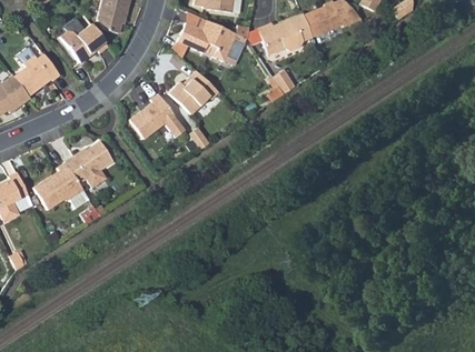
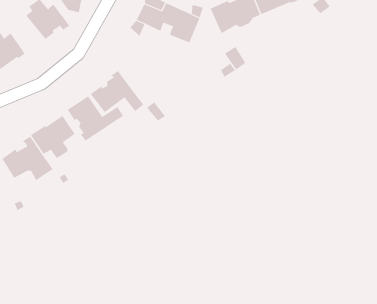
building: [169,70,219,114] -> none
building: none -> [67,96,124,142]

